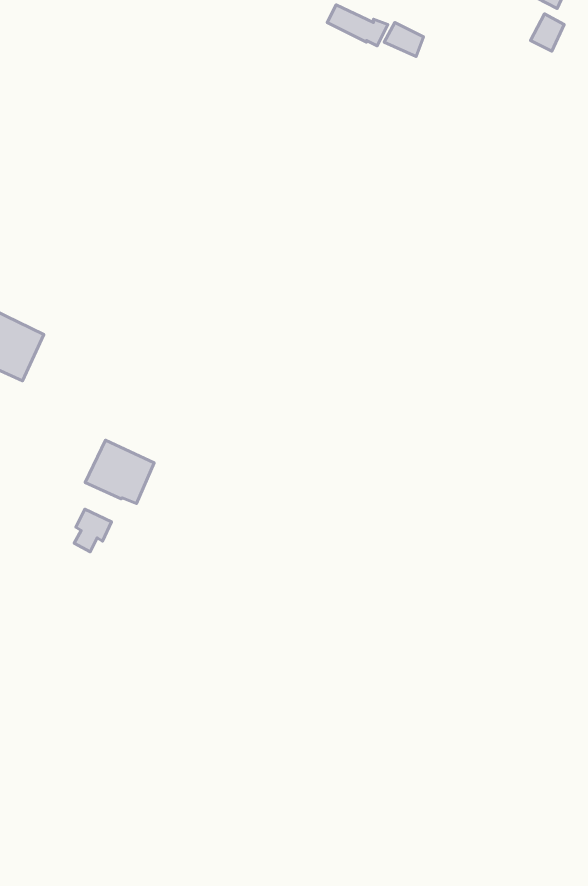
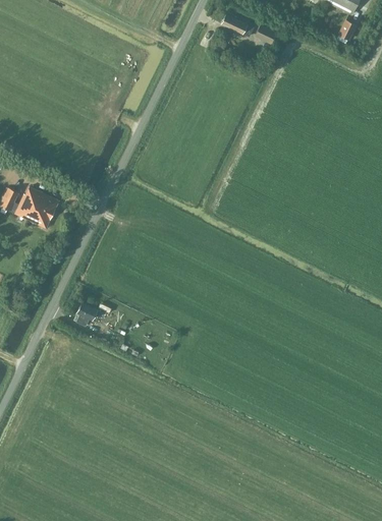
building: [85,440,154,503] -> none

